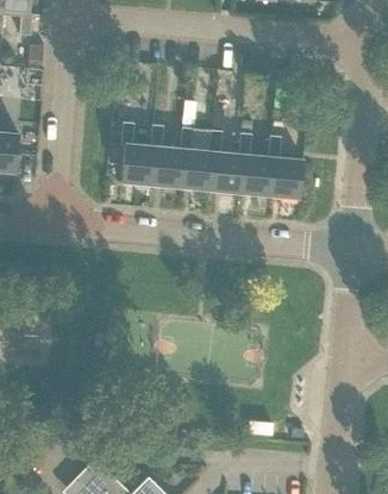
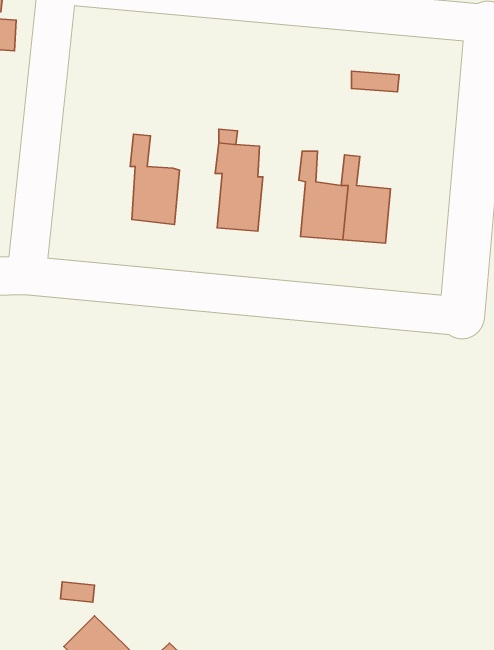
building: [209,111,243,193] -> none
building: [150,125,184,187] -> none

